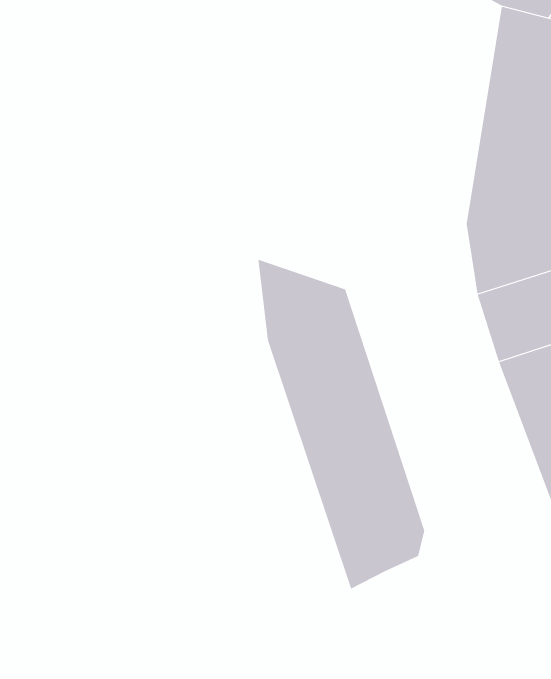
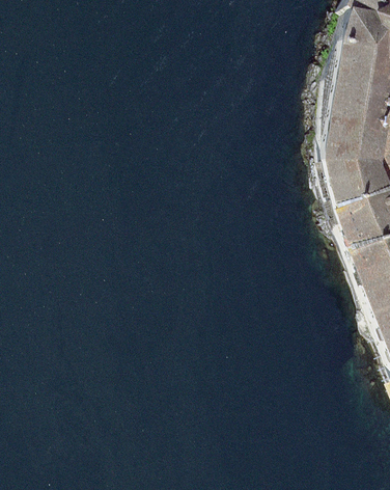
building: [258,259,425,589] -> none

